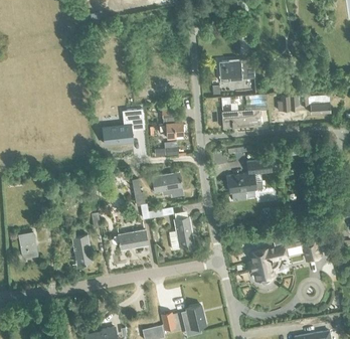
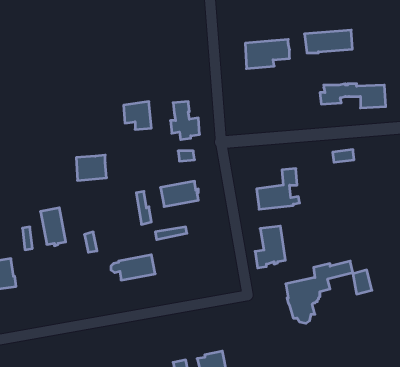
building: [221,109,259,127] -> [304,30,352,53]
building: [108,124,132,144] -> [76,155,107,180]
building: [169,216,193,249] -> [255,226,285,268]
building: [71,234,92,265] -> [40,208,66,246]

